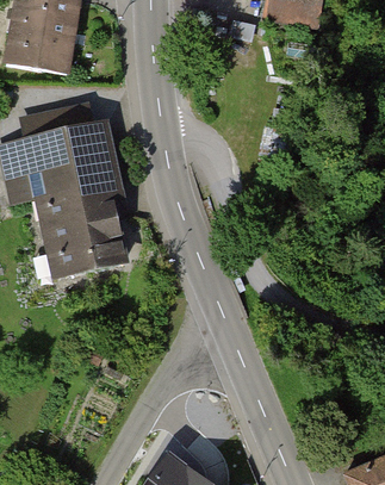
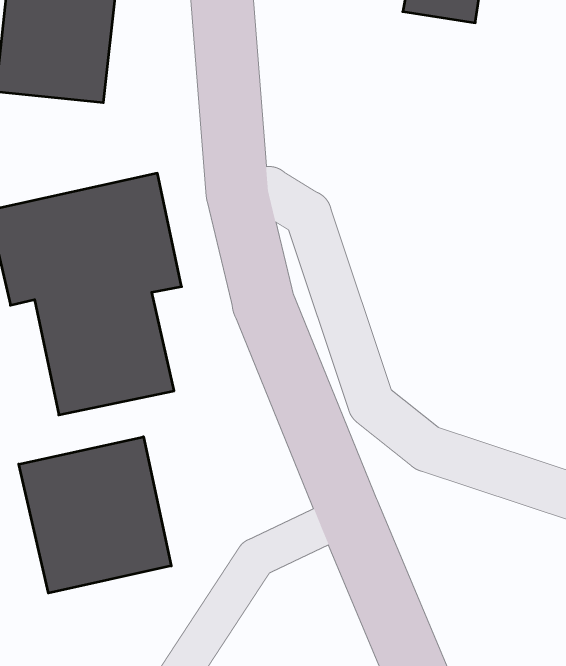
building: none -> [19,437,171,593]

